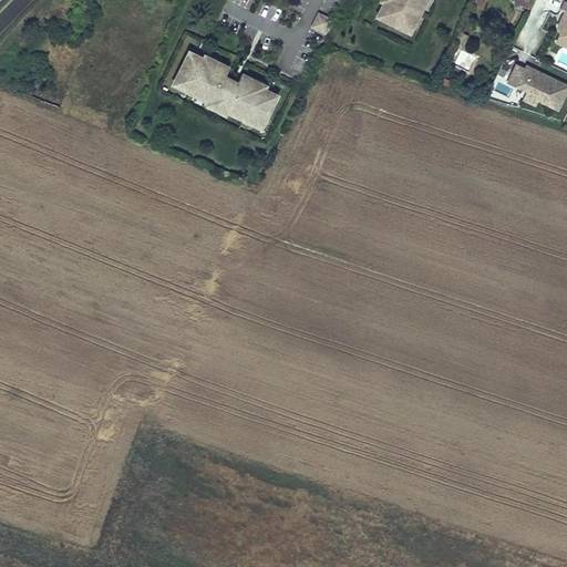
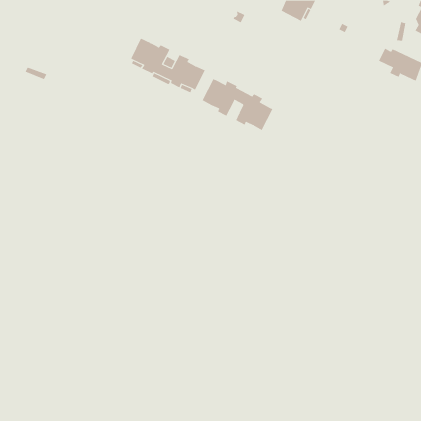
building: none -> [202,79,273,131]

